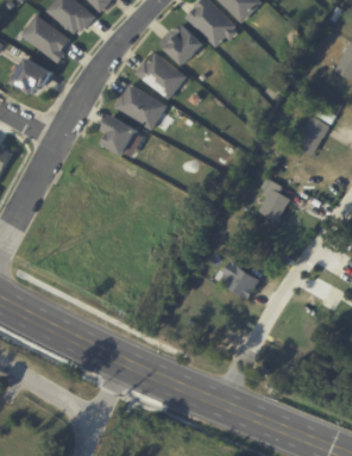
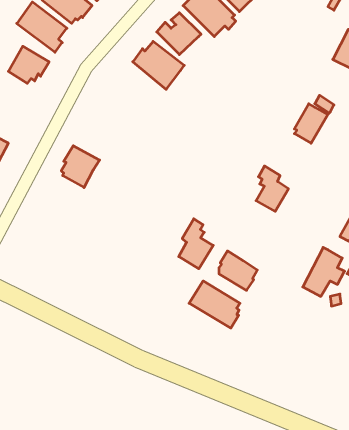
building: [114,83,168,131] -> none
building: [100,115,138,157] -> [61,146,100,188]
building: none -> [179,219,213,269]
building: none -> [189,281,240,328]

